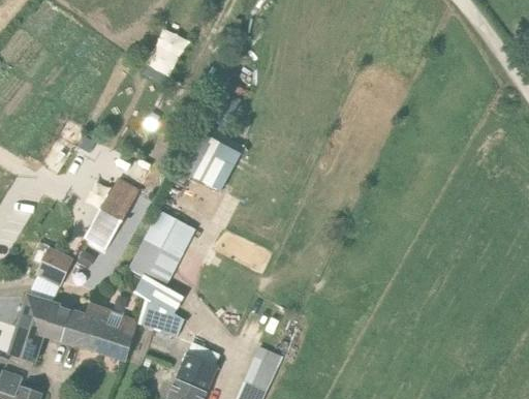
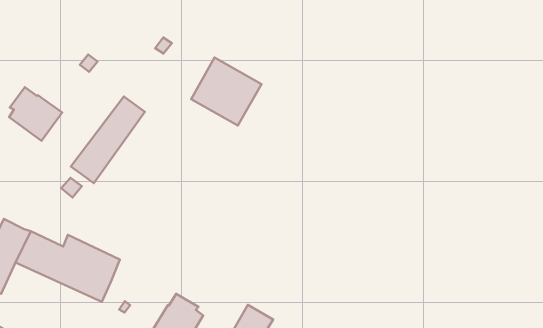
building: none -> [9,87,62,141]
building: [128,210,194,338] -> none
building: [35,247,72,286] -> none

